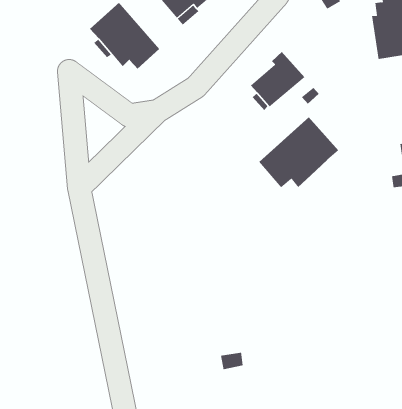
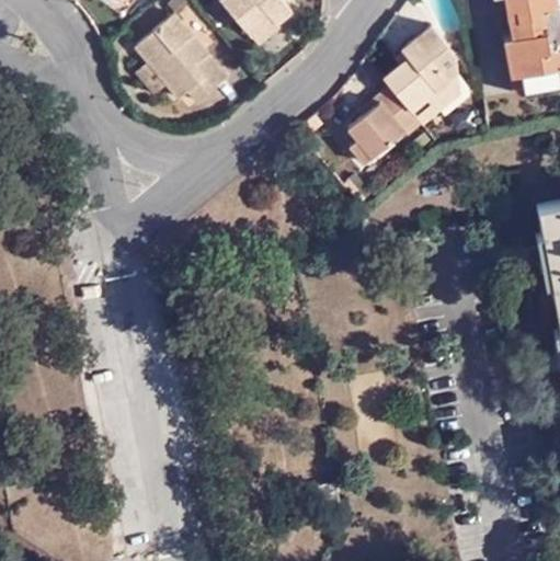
building: none -> [384,21,460,119]
building: [259,116,339,188] -> none

